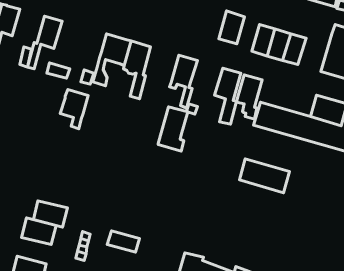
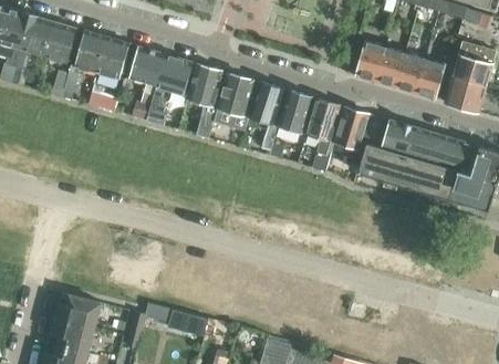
building: none -> [42,22,76,63]
building: [219,11,244,44] -> [278,90,311,133]
building: none -> [96,38,129,80]
building: none -> [414,60,445,100]
building: [60,89,88,129] -> [128,46,165,97]
building: [158,107,188,151] -> [214,73,252,131]
building: [239,159,290,193] -> [373,117,438,162]
building: [33,201,67,227] -> [49,319,93,353]

